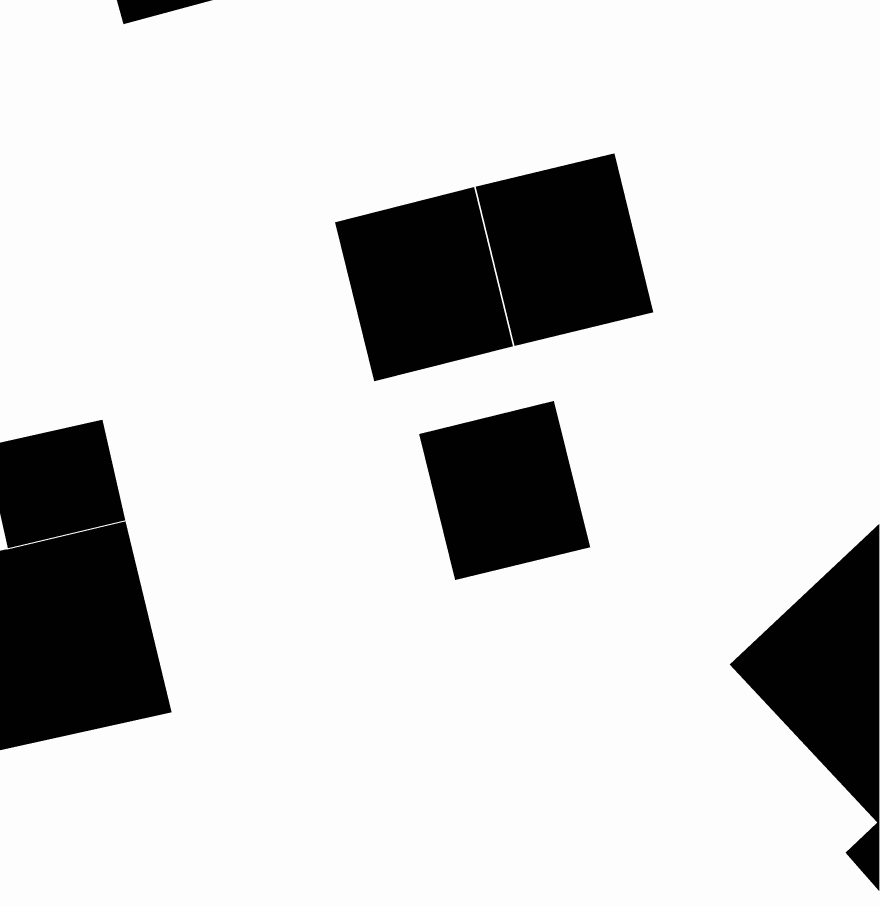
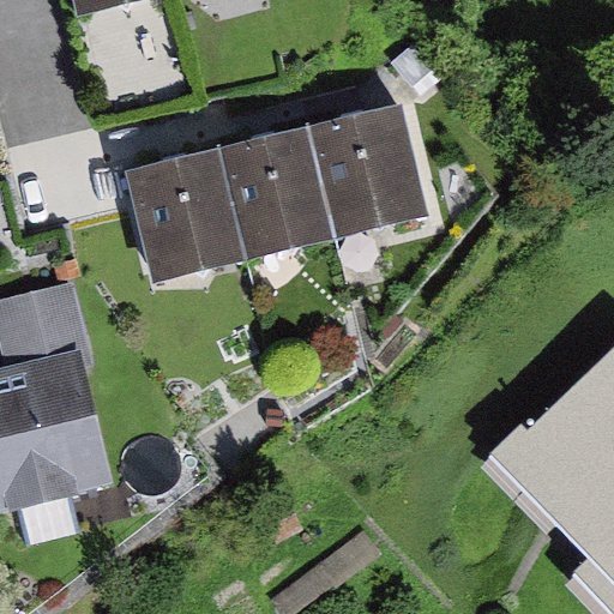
building: none -> [130,150,252,281]
building: [418,400,591,581] -> none

